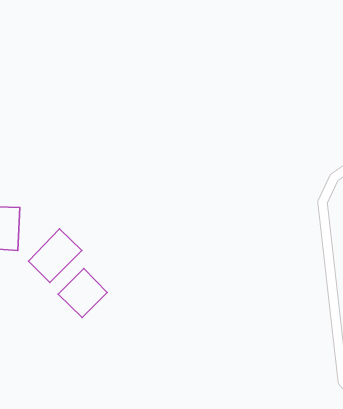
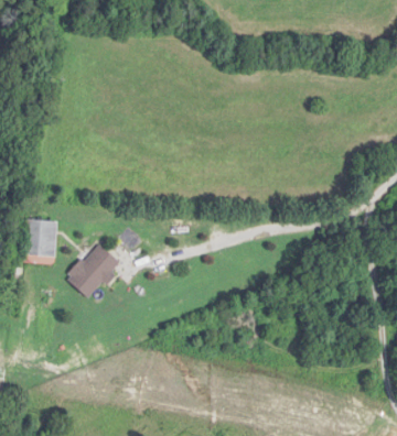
building: [58,268,107,318] -> none

